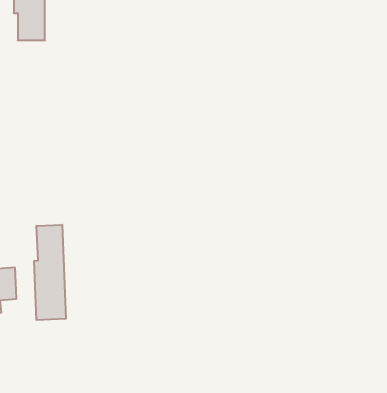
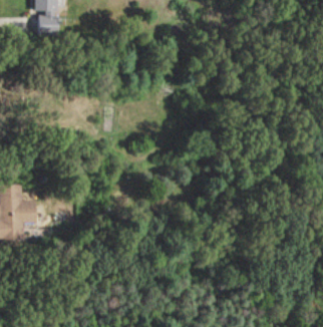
building: [34,225,66,320] -> none

